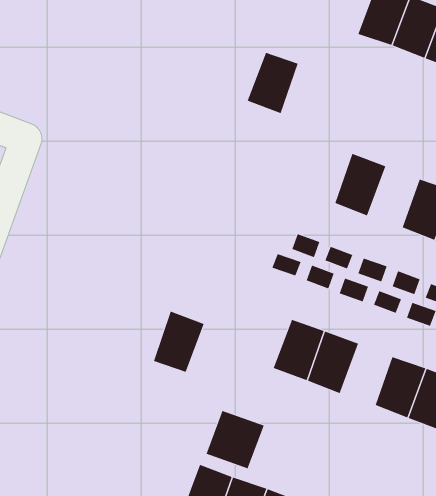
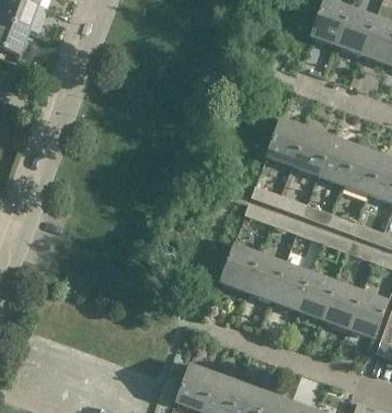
building: [247,52,298,114] -> [266,118,305,165]
building: none -> [318,137,357,184]
building: [153,311,205,372] -> [220,244,260,291]
building: none -> [297,272,336,319]
building: [206,410,264,469] -> none

